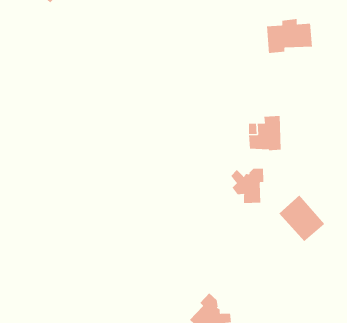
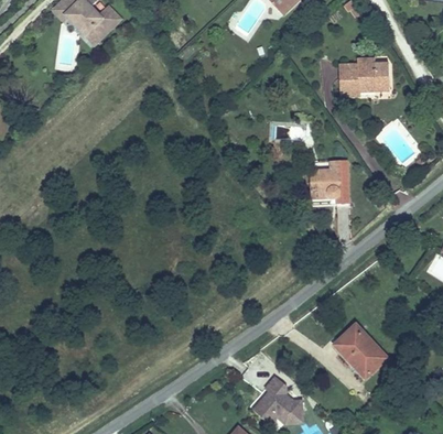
building: [230,168,264,204] -> none
building: [278,194,325,242] -> [332,323,386,378]

